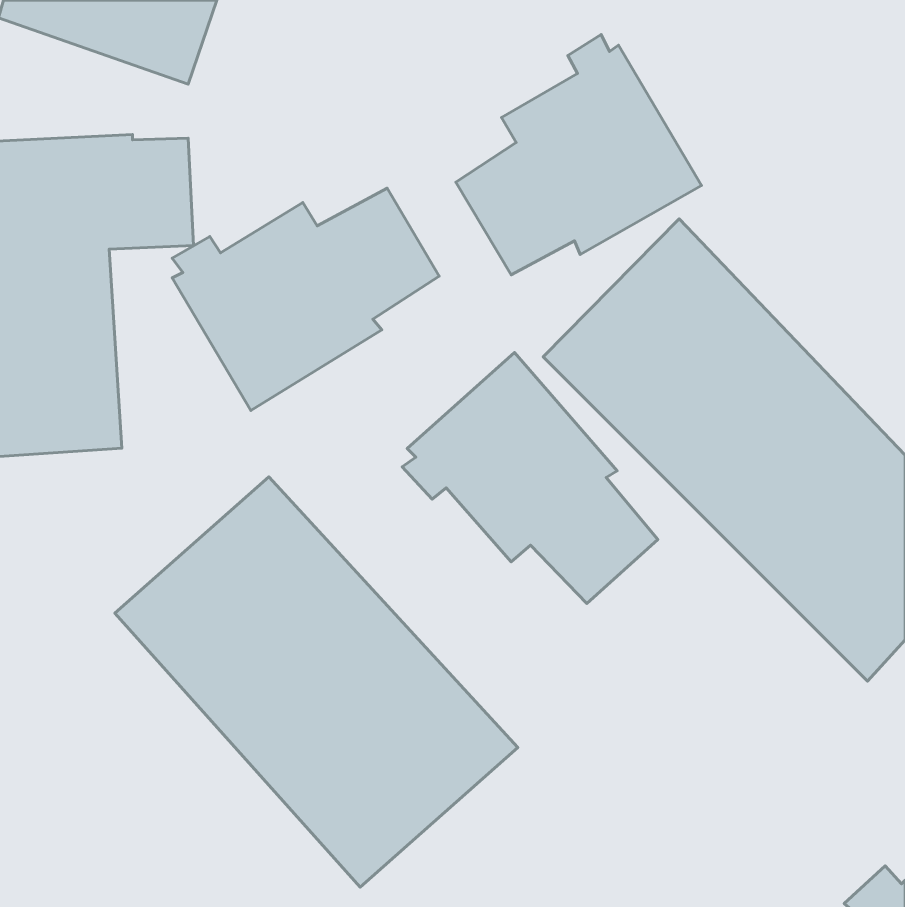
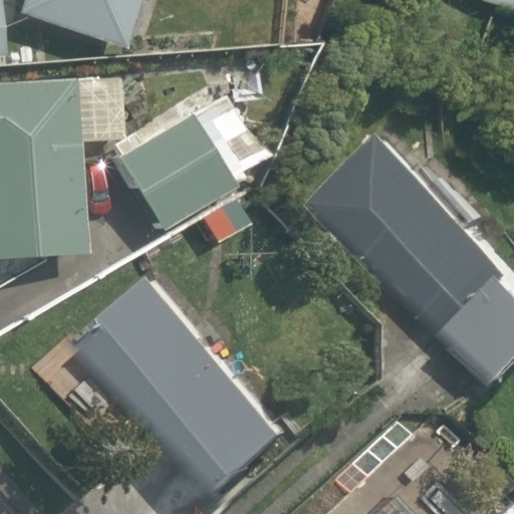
building: [456,35,702,275] -> none
building: [402,352,658,603] -> none

